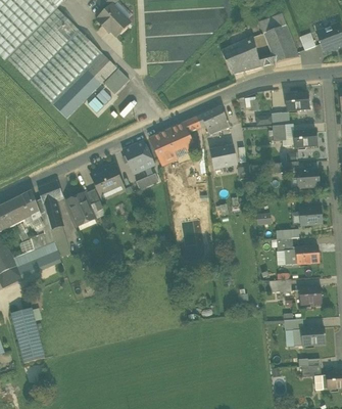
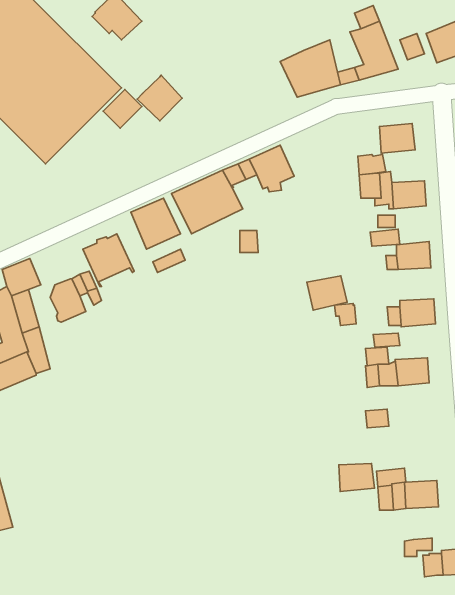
building: none -> [137,75,182,121]
building: [210,145,237,168] -> [307,276,347,310]
building: [299,286,323,305] -> [339,463,374,491]

